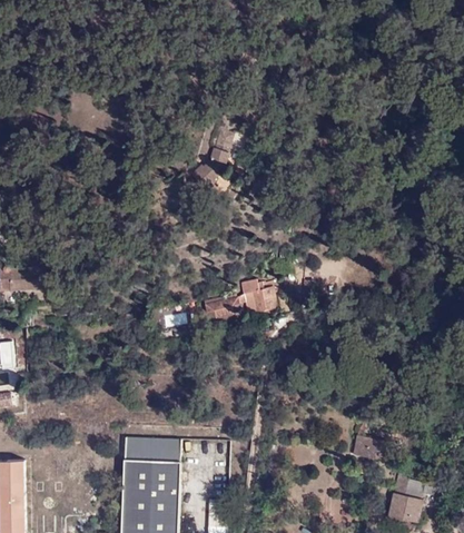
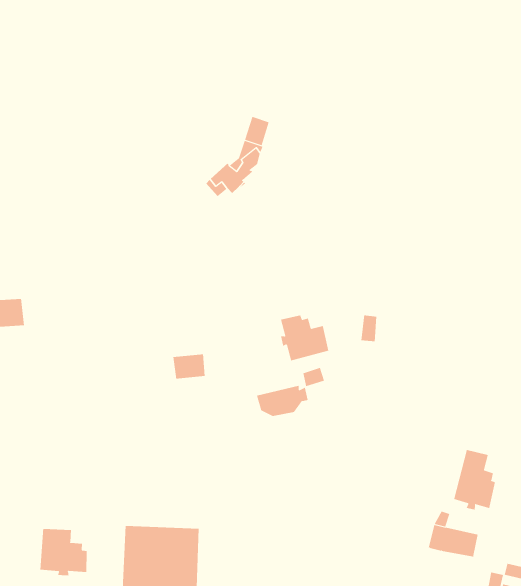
building: [204,295,243,318] -> [256,385,308,417]
building: none -> [454,449,496,510]
building: none -> [40,528,87,576]

